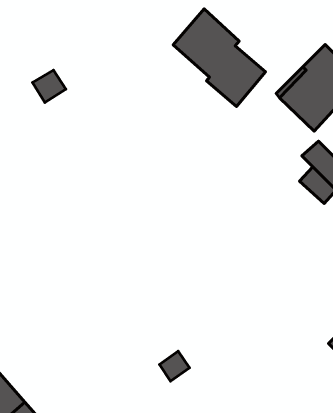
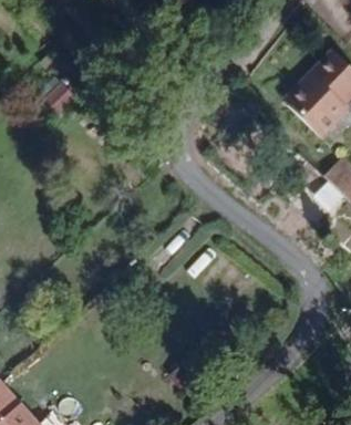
building: [173,9,265,107] -> none

